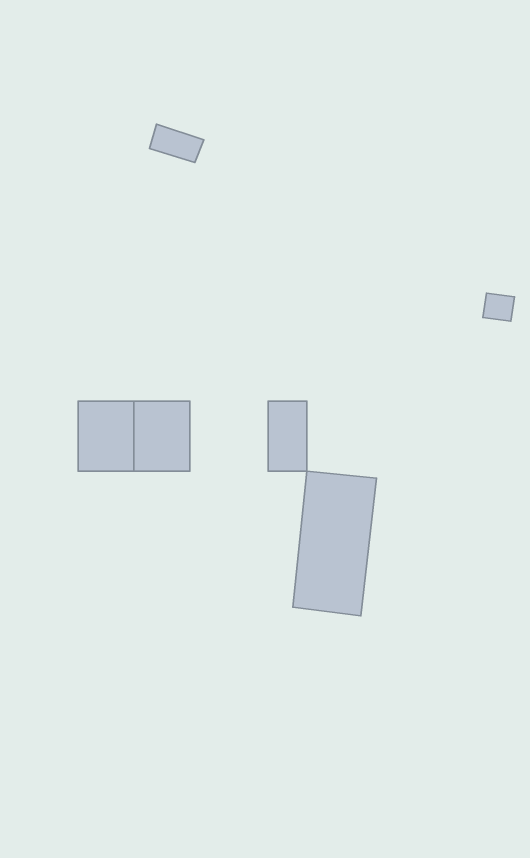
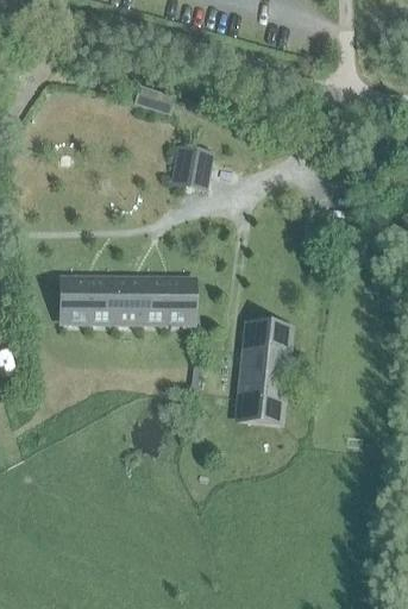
building: none -> [171,146,202,186]
building: [268,401,307,471] -> [164,276,190,324]
building: none -> [62,276,88,324]

